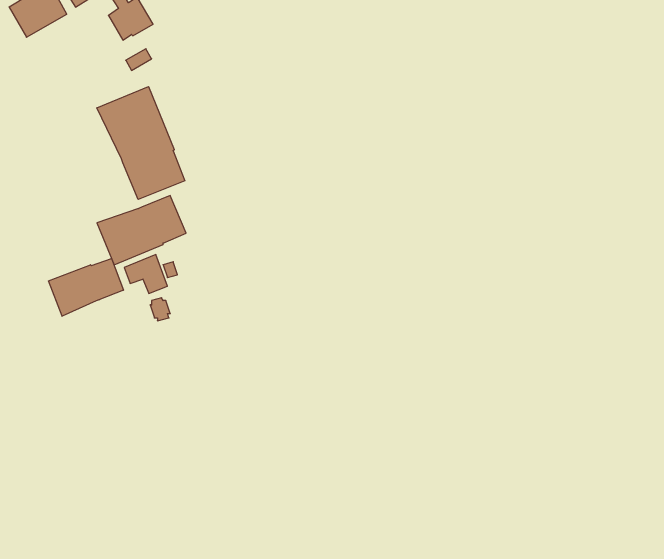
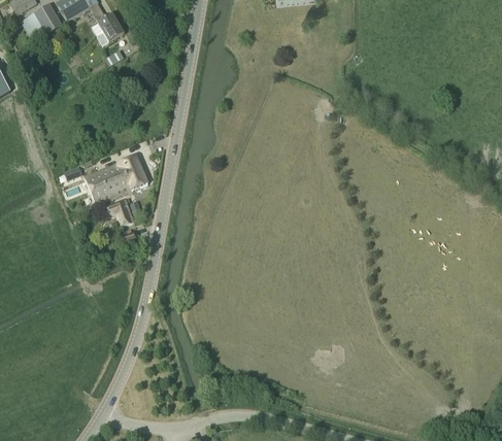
building: [97,87,185,199] -> none
building: [49,258,123,316] -> none

